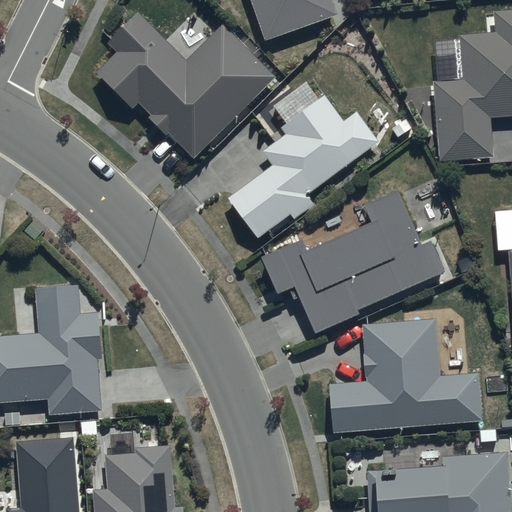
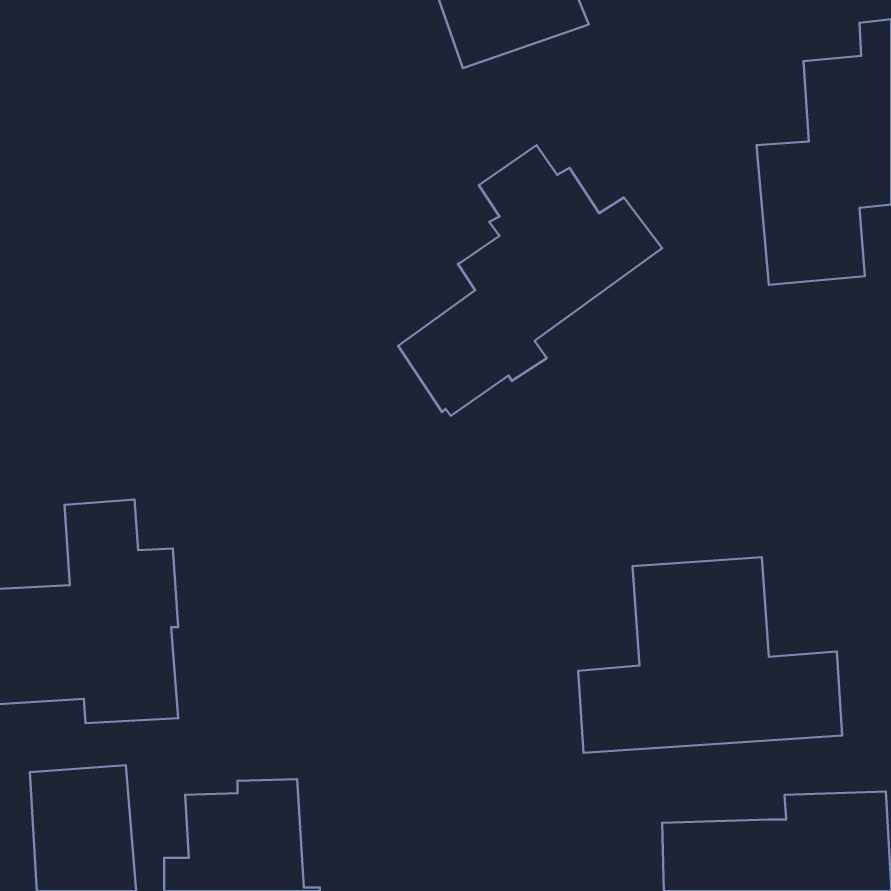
building: [92,6,275,157] -> none
building: [263,192,445,332] -> none

